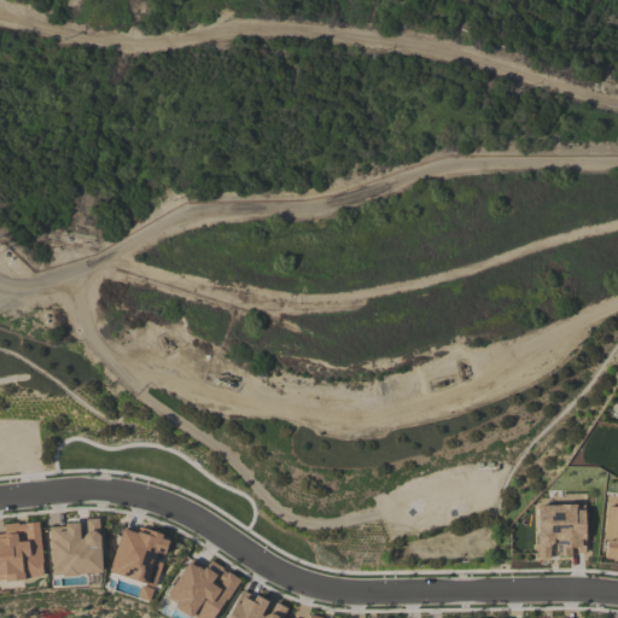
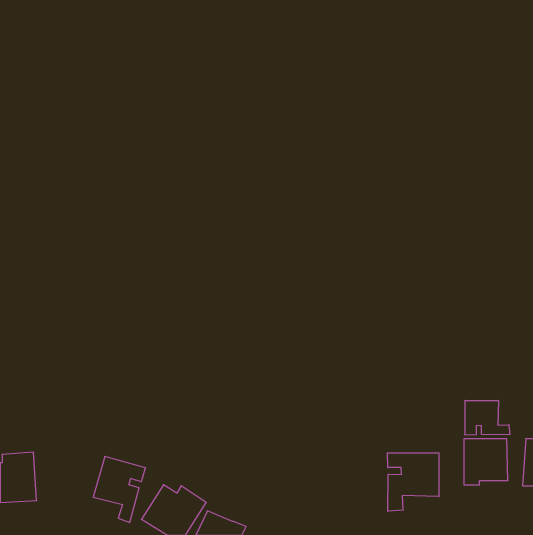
building: none -> [465,400,510,435]
building: [52,519,103,576] -> none
building: none -> [387,453,439,511]

